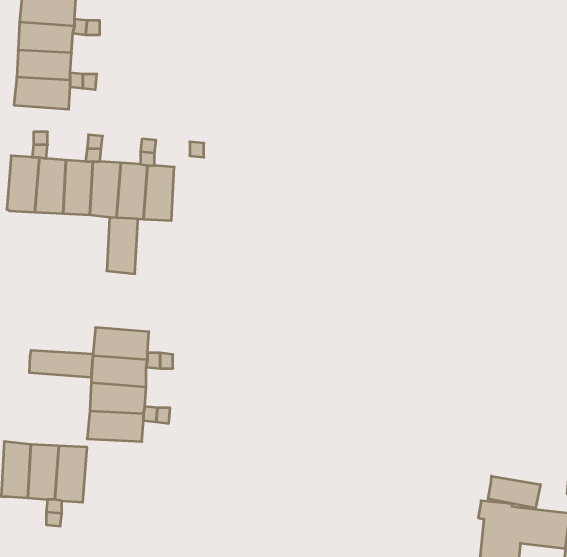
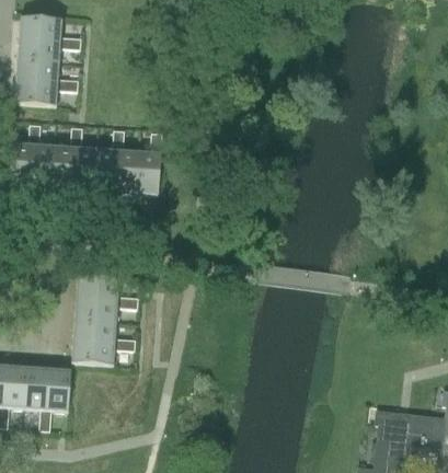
building: [107,217,138,274] -> [136,151,160,195]
building: [29,350,93,377] -> none
building: [488,476,540,508] -> none

